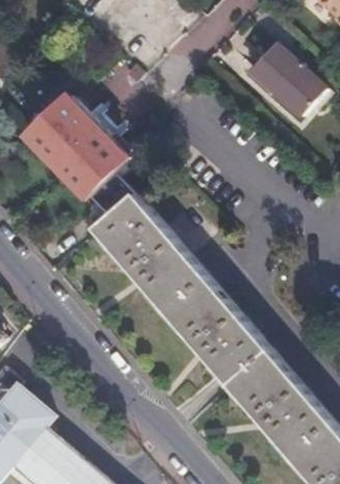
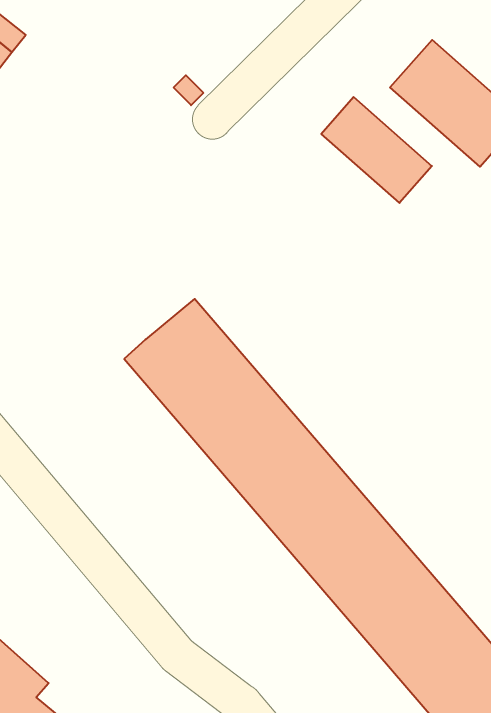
building: none -> [321,97,432,203]
building: [26,97,135,218] -> none

